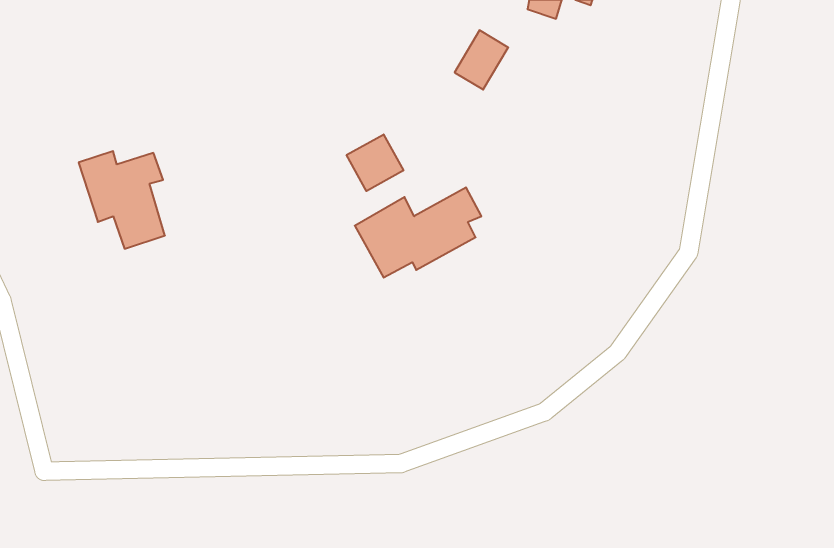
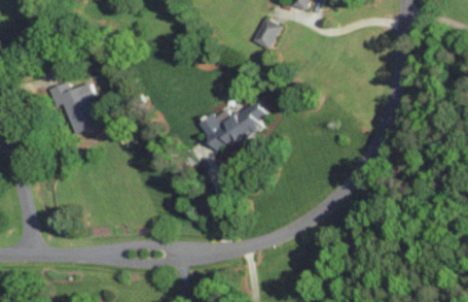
building: [347,134,403,191] -> none

